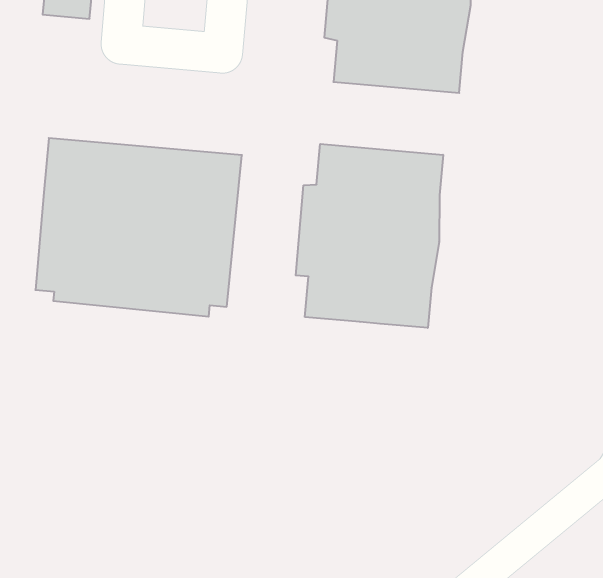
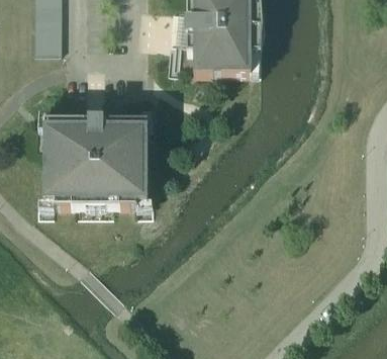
building: [296,144,443,328] -> none

